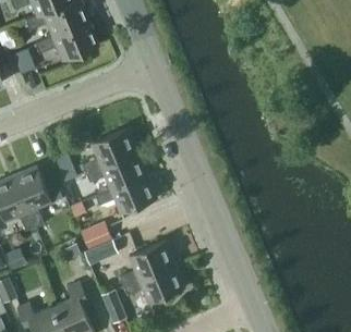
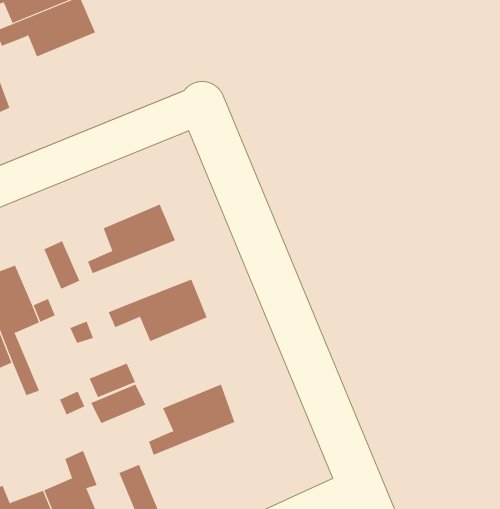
building: [34,22,97,61] -> none
building: [85,151,147,189] -> none
building: [123,265,185,304] -> none

